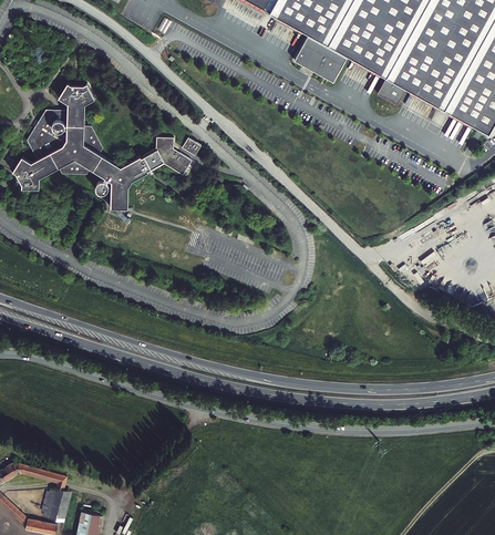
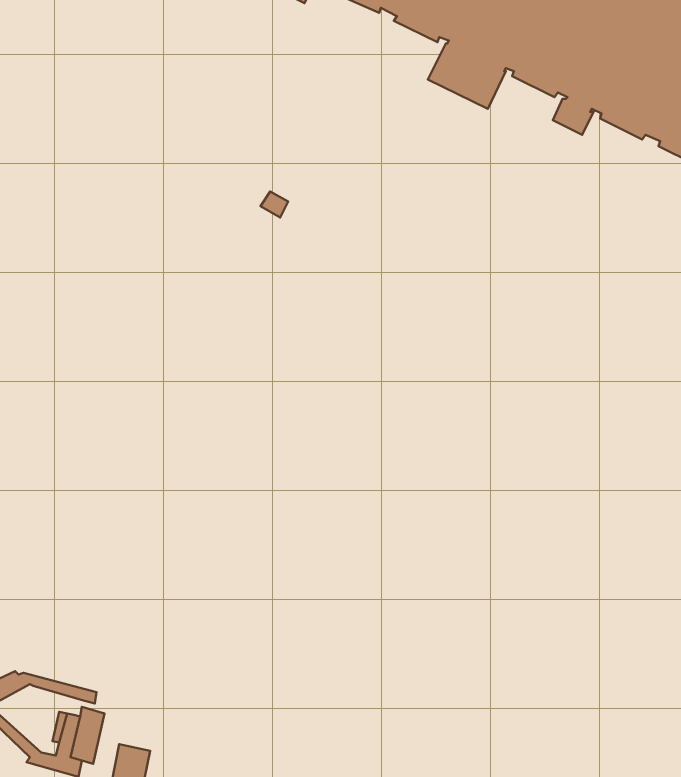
building: [12,84,190,209] -> none

